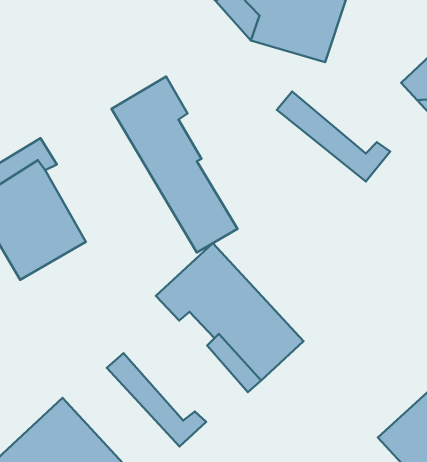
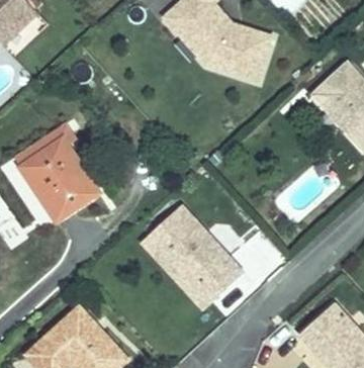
building: [112,77,238,253] -> none
building: [277,91,390,181] -> none
building: [107,353,206,446] -> none

